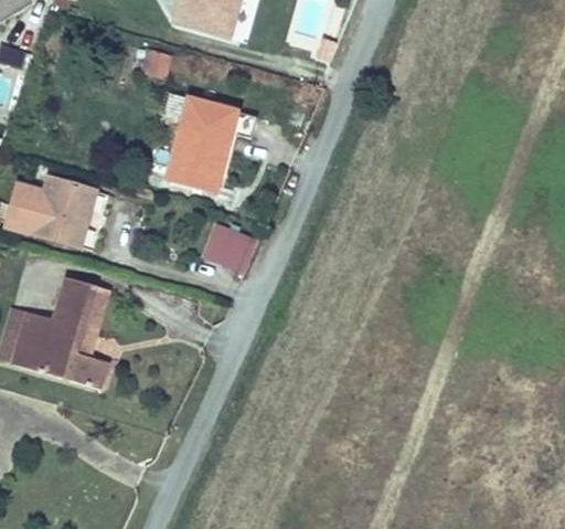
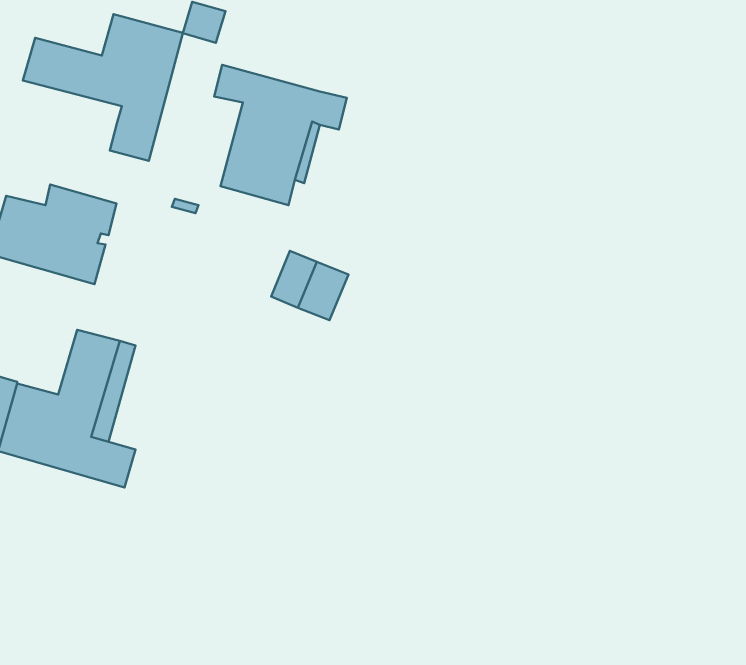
building: none -> [23,14,183,161]

